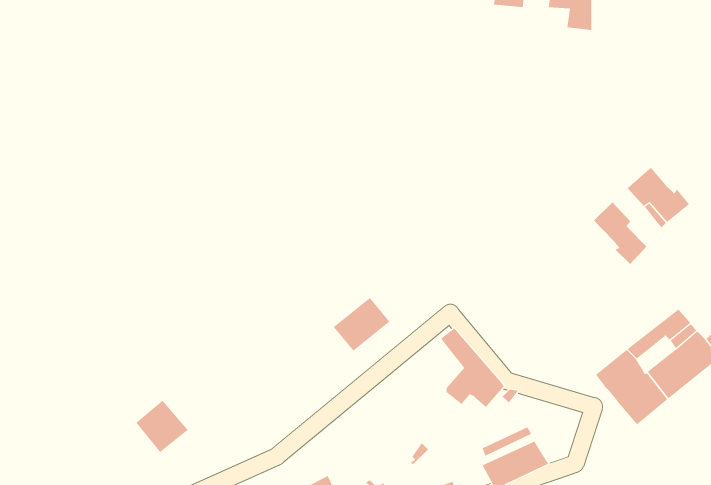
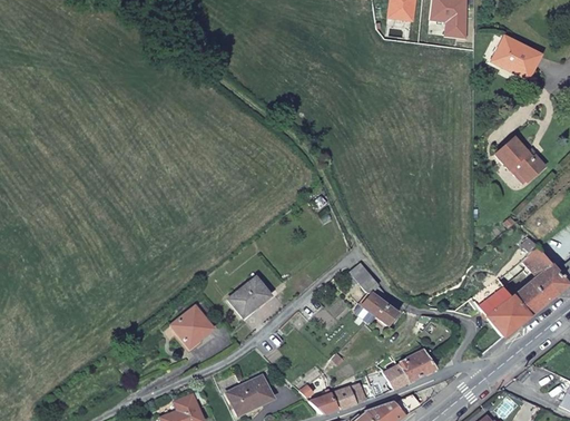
building: none -> [493,41,540,79]
building: [593,202,647,265] -> none
building: [333,297,390,352] -> [229,273,274,315]
building: [135,400,189,453] -> [175,304,216,345]

